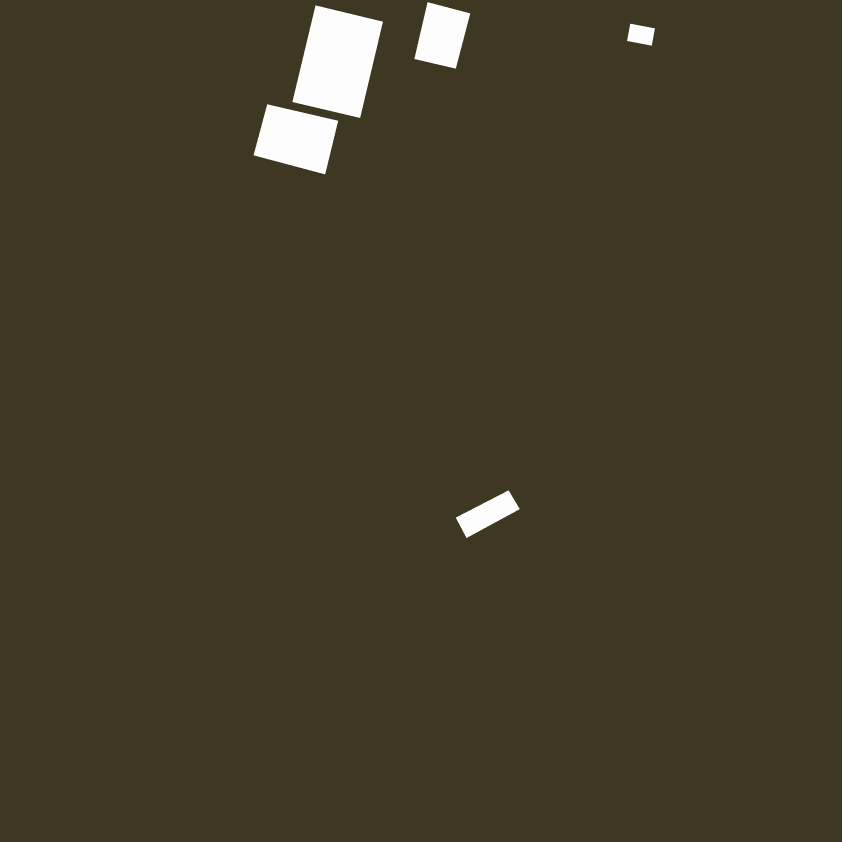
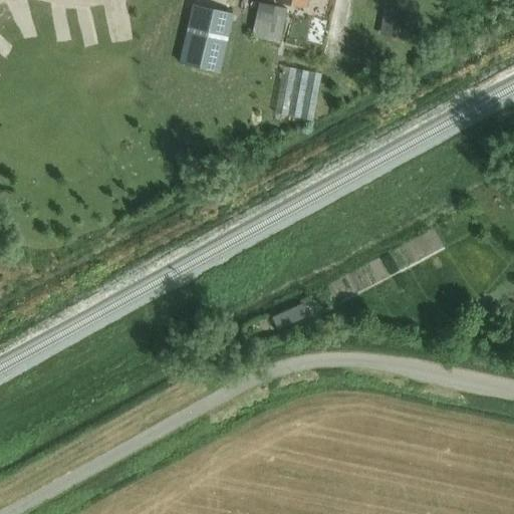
building: [253,103,339,175] -> none
building: none -> [274,66,319,119]

